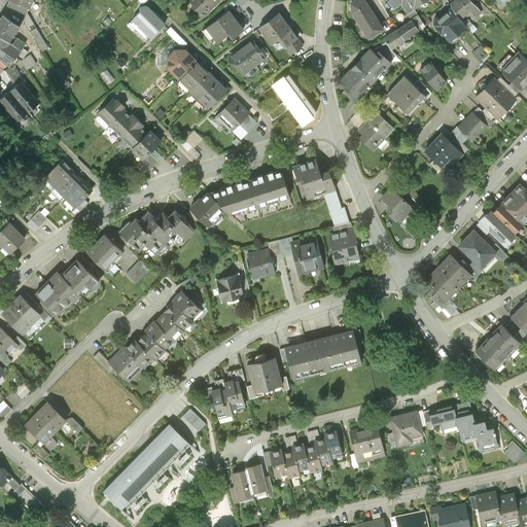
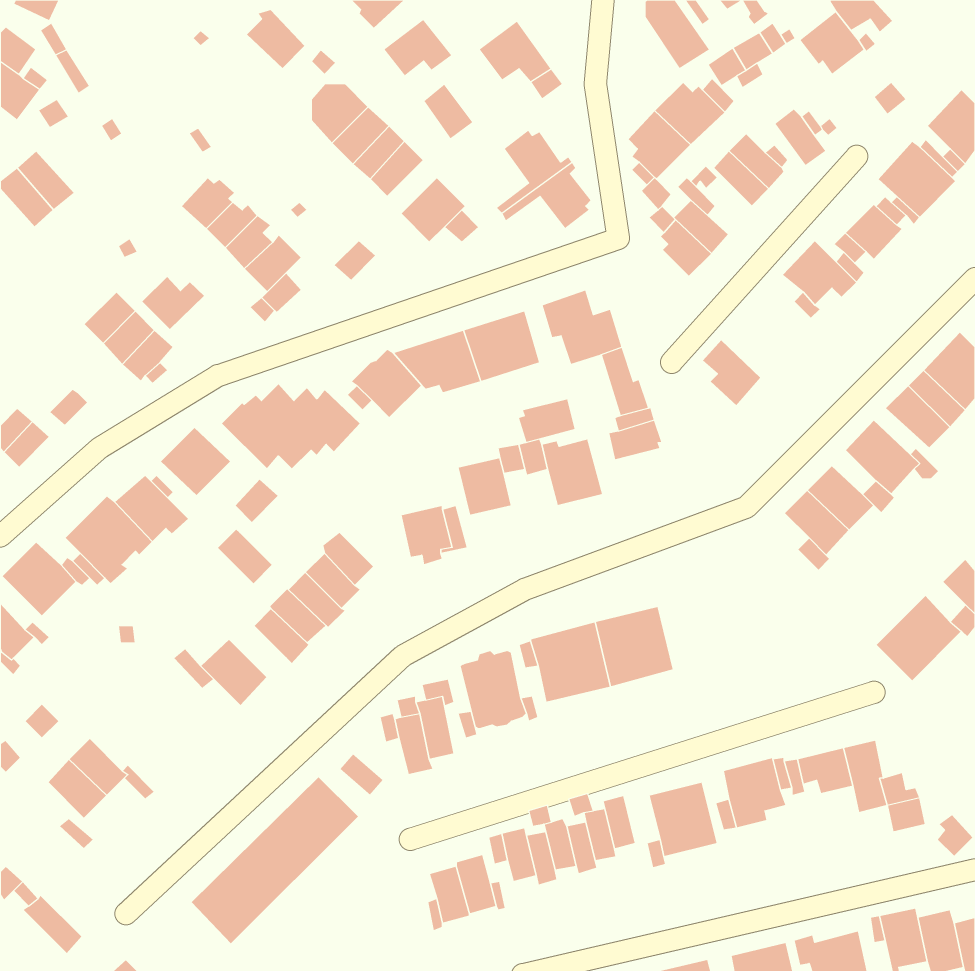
building: [240,38,268,68] -> none
building: none -> [141,276,205,330]
building: [329,244,360,268] -> [518,399,576,443]
building: [125,338,154,367] -> [217,529,272,584]

